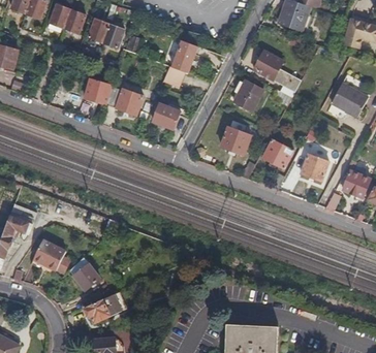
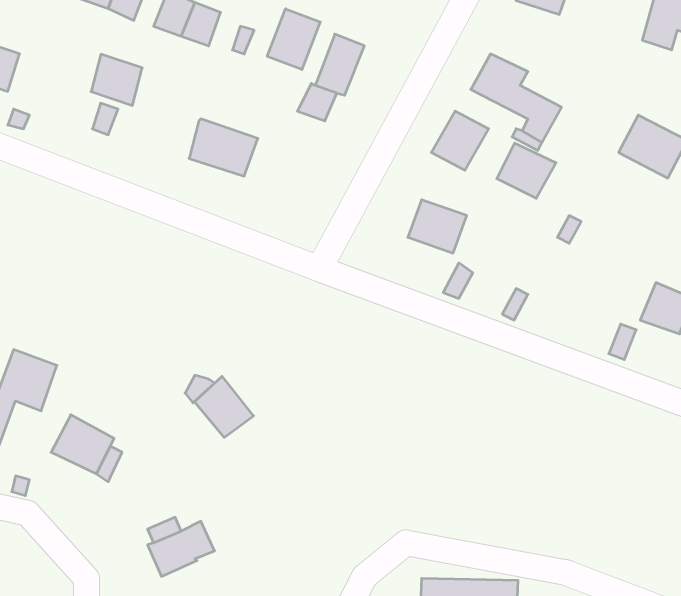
building: none -> [267,9,320,70]
building: [84,78,111,105] -> [91,54,142,105]
building: [152,103,180,129] -> none
building: [262,139,293,168] -> [497,143,556,198]
building: [301,154,328,181] -> none
building: [68,258,99,290] -> [194,376,254,437]

